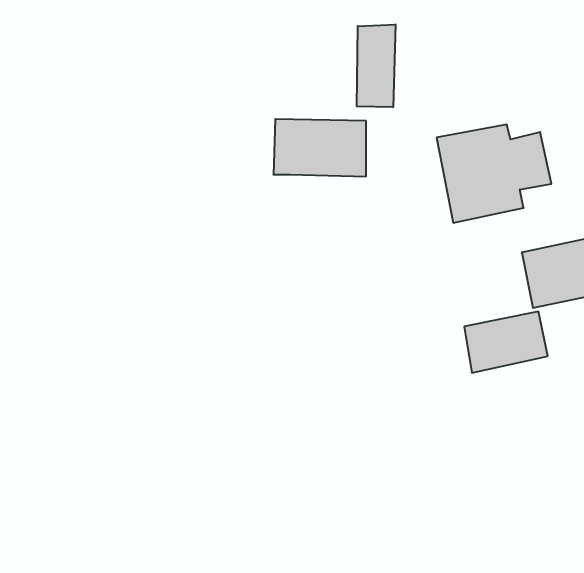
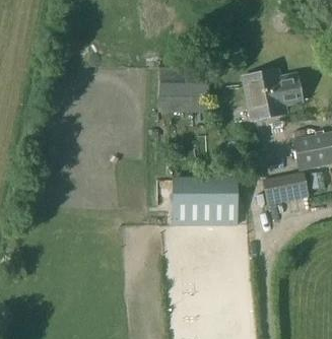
building: [357,24,395,107] -> none
building: none -> [172,182,235,225]

